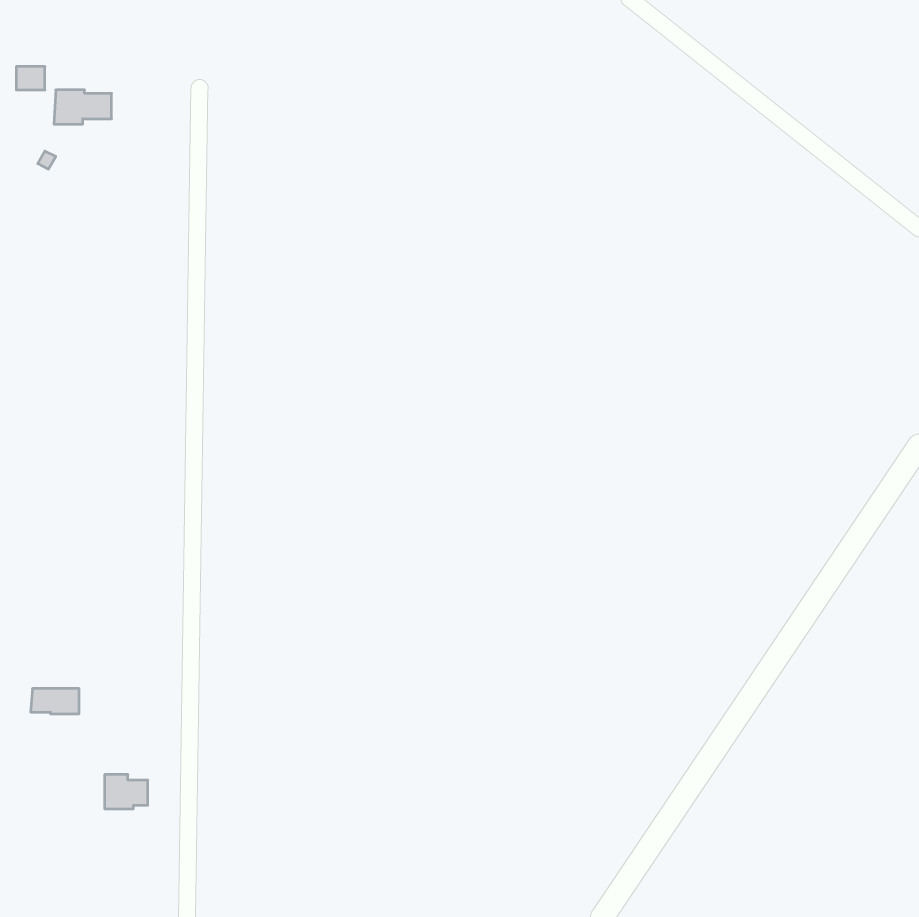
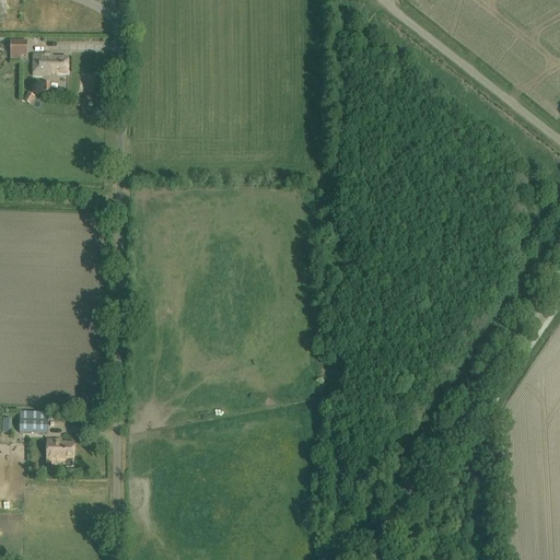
building: [105,775,148,809] -> [47,440,73,460]

